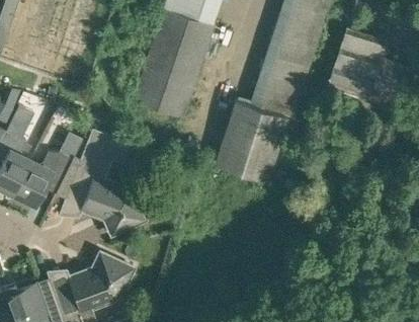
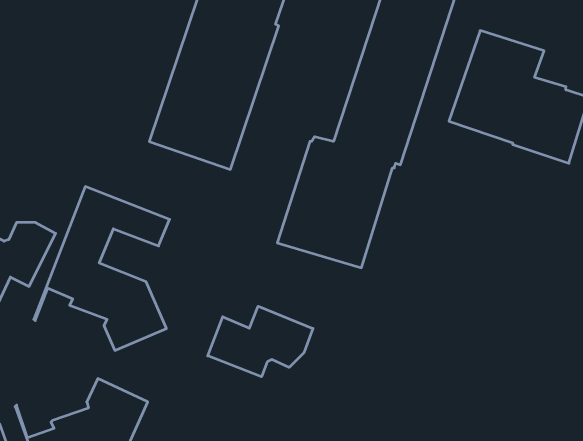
building: none -> [208,306,313,377]

